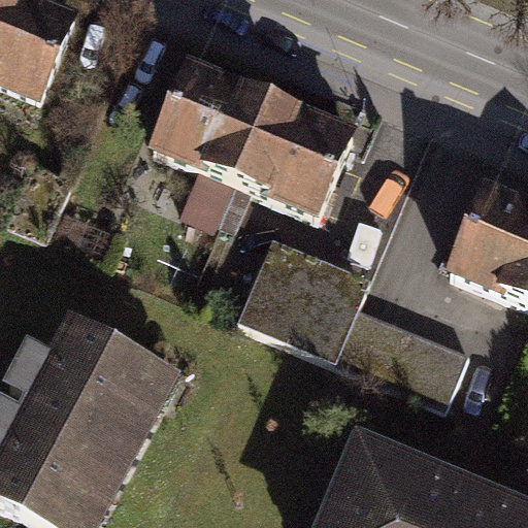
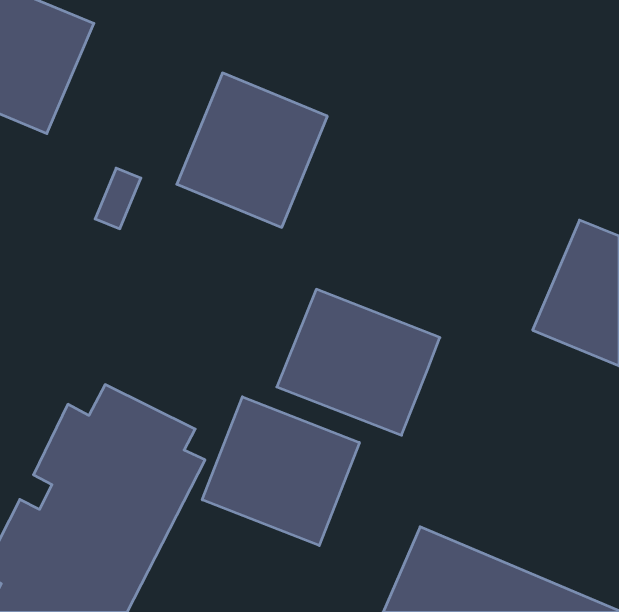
building: [235,97,361,226] -> none
building: [335,308,460,403] -> none
building: none -> [202,397,359,546]

